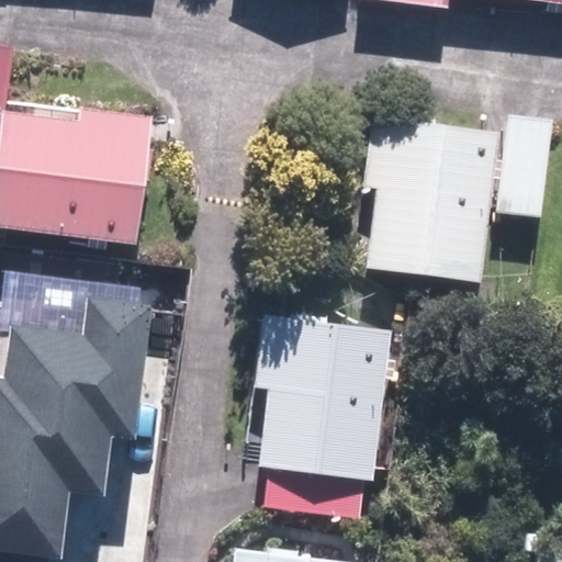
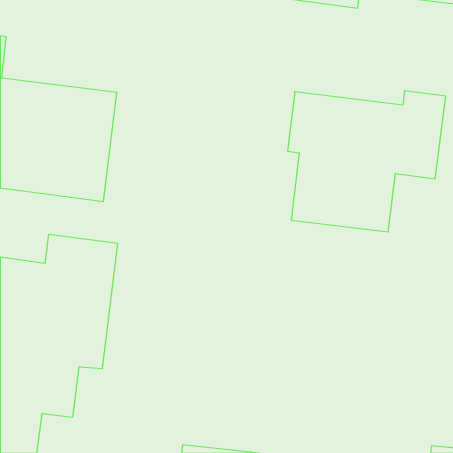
building: [245,314,389,518] -> none

